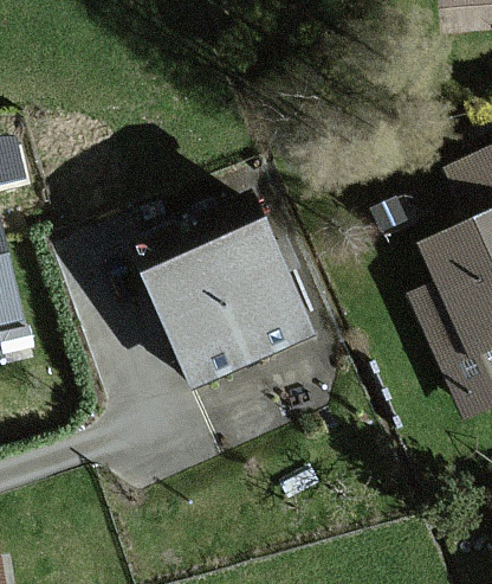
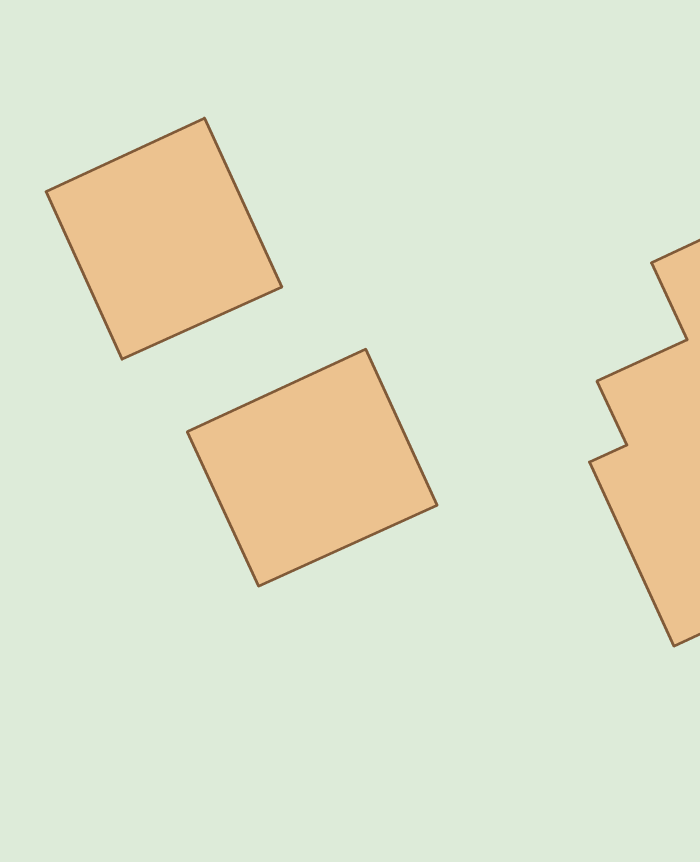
building: none -> [46,118,282,359]

